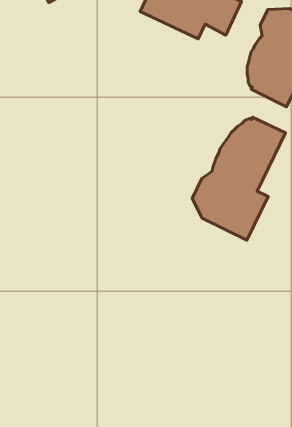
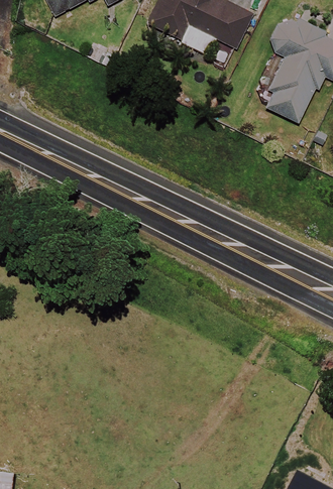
building: [192,117,286,240] -> none

